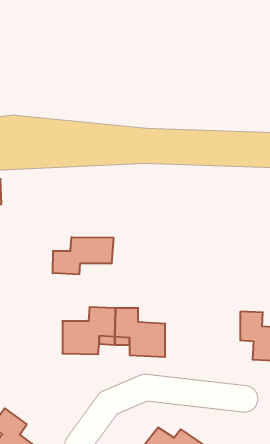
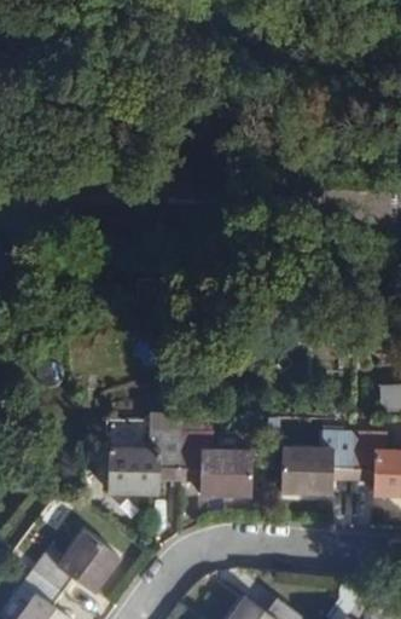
building: [53,237,113,274] -> none
building: none -> [279,432,356,497]
building: none -> [30,530,118,591]

